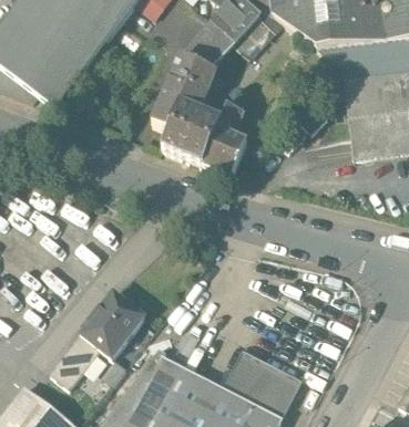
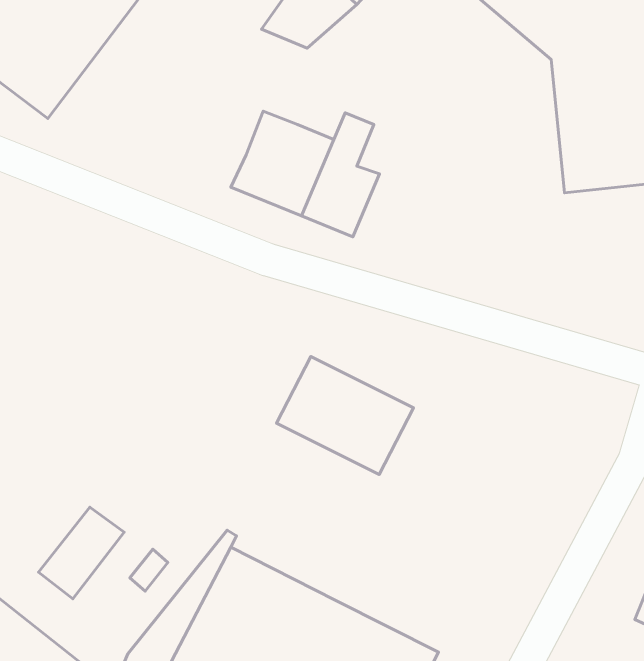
building: [152,56,216,129] -> none
building: [78,290,144,358] -> none
building: [222,350,301,418] -> [276,356,414,475]

